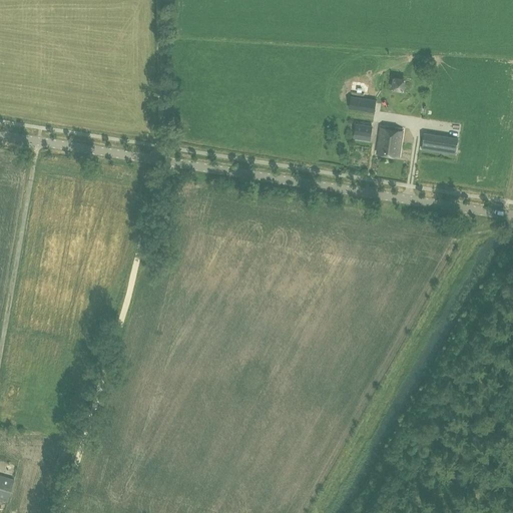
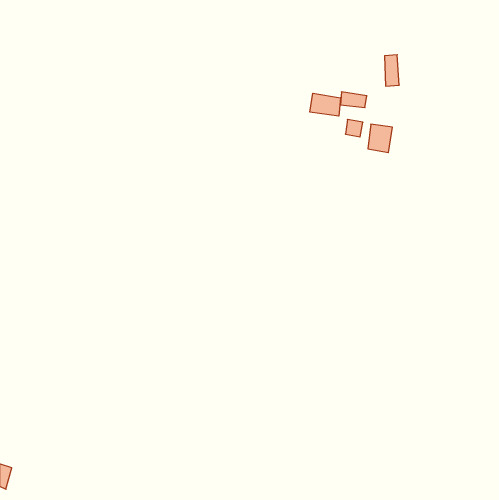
building: none -> [310,93,340,116]
building: [421,132,457,153] -> none

